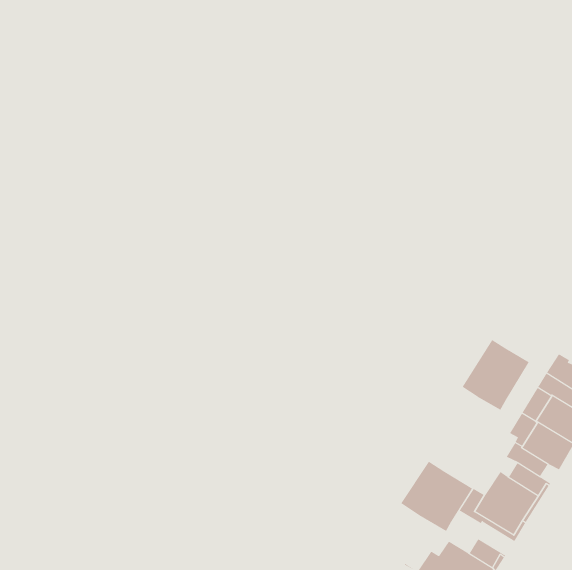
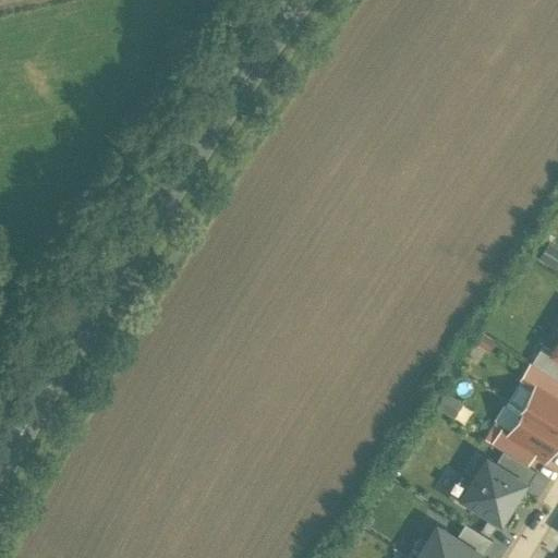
building: [462,339,529,410] -> none
building: [401,461,473,532] -> none

